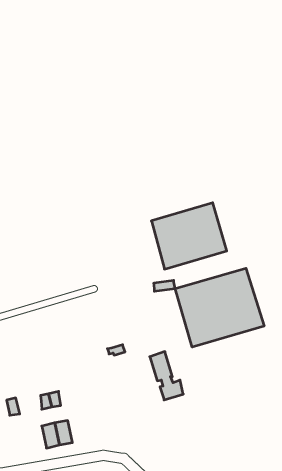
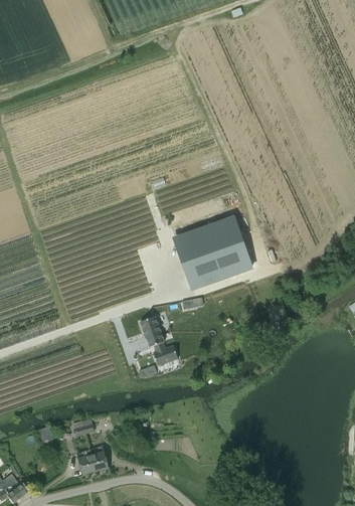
building: [175,268,264,347] -> none
building: [150,352,183,400] -> [139,313,175,362]

